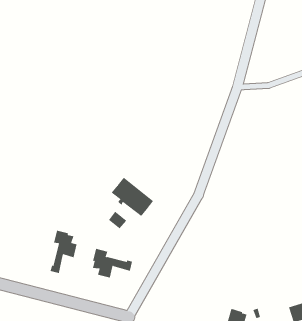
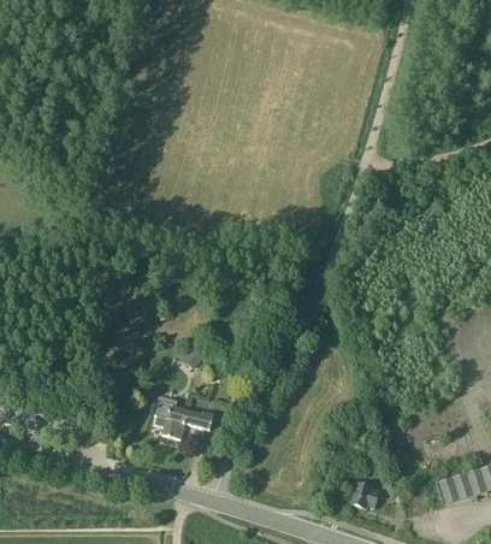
building: [111,177,154,217] -> none
building: [50,230,77,274] -> none

